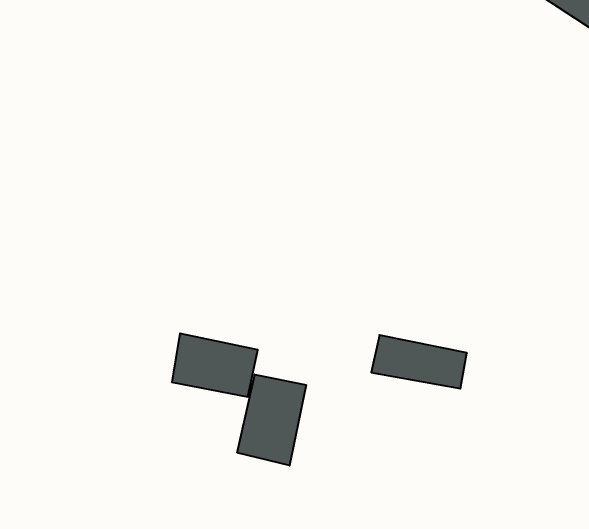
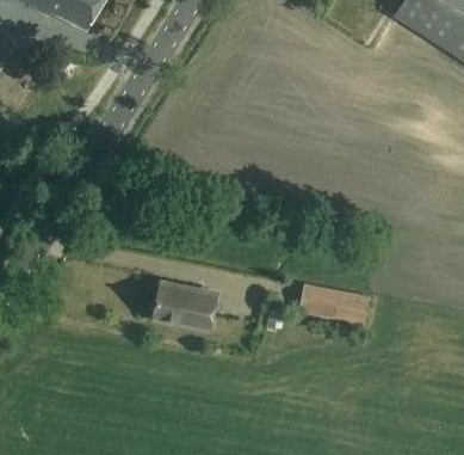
building: [237,374,306,466] -> none

